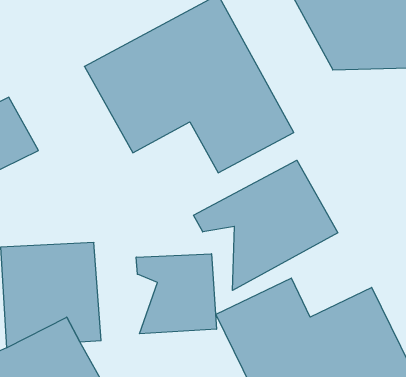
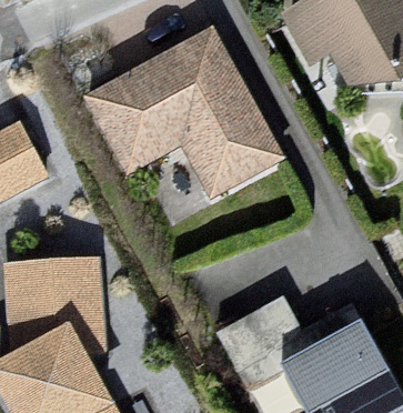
building: [194,160,338,290] -> none
building: [136,254,216,334] -> none

